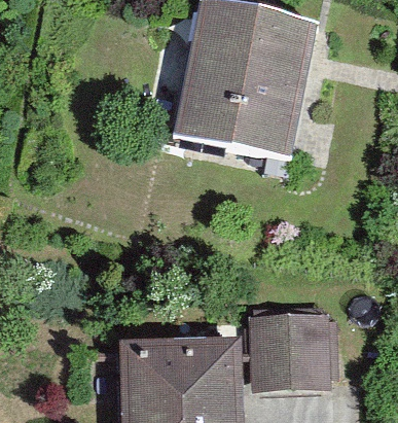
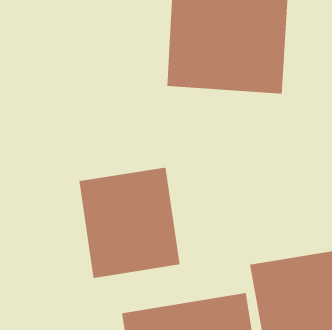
building: none -> [79,167,180,279]

